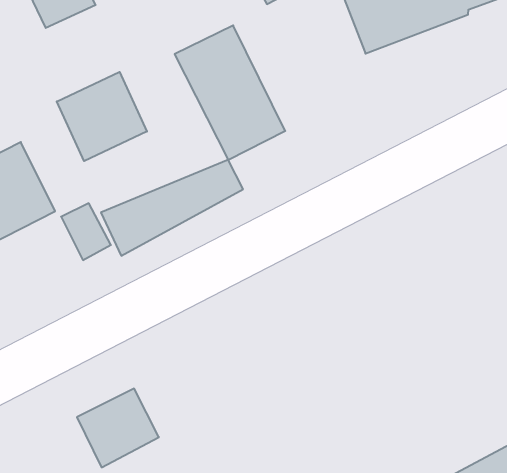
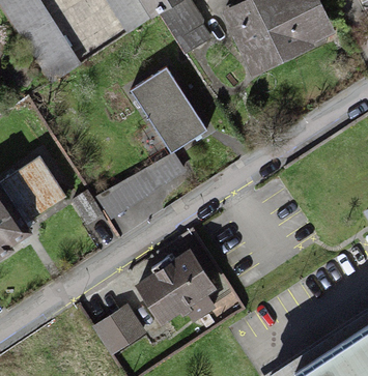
building: [57,72,147,161] -> none
building: none -> [134,250,217,325]

